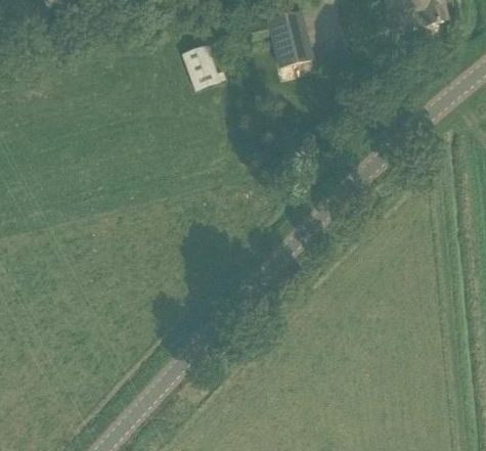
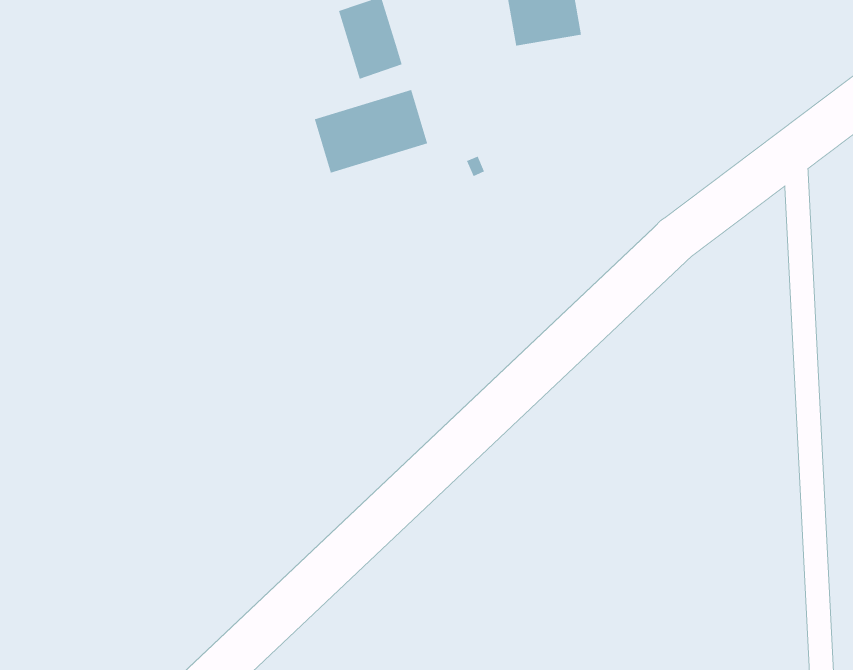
building: none -> [314,89,428,173]

